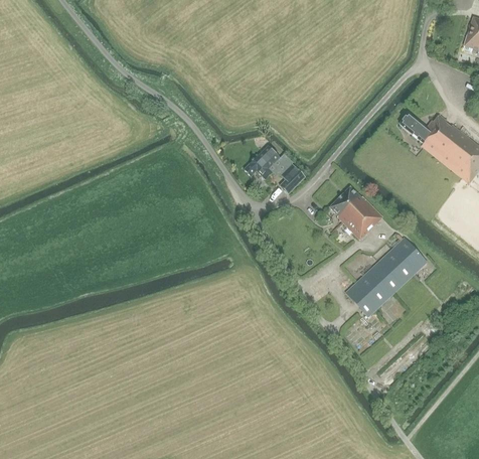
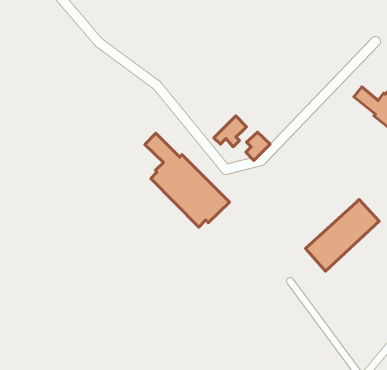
building: none -> [145,133,229,227]
building: [329,185,382,239] -> none

